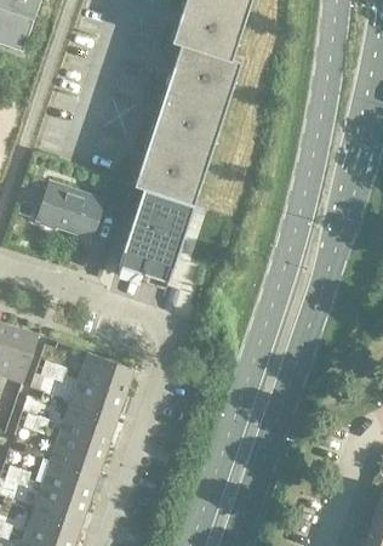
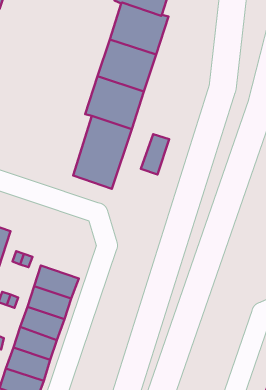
building: [35,177,131,239] -> none
building: none -> [141,134,169,174]
building: [76,353,133,397] -> none

